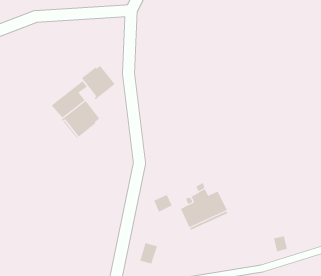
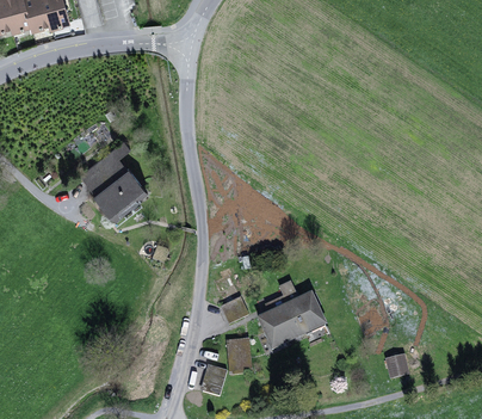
building: [81,65,116,100] -> none
building: none -> [227,340,251,375]

